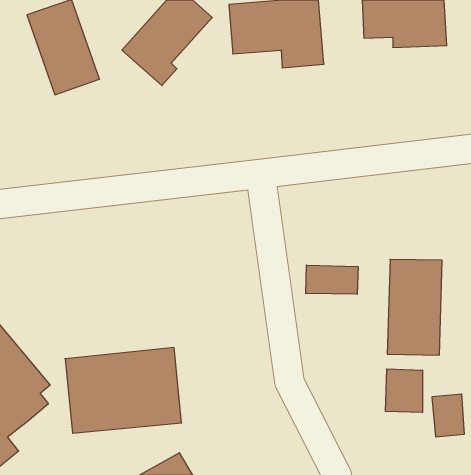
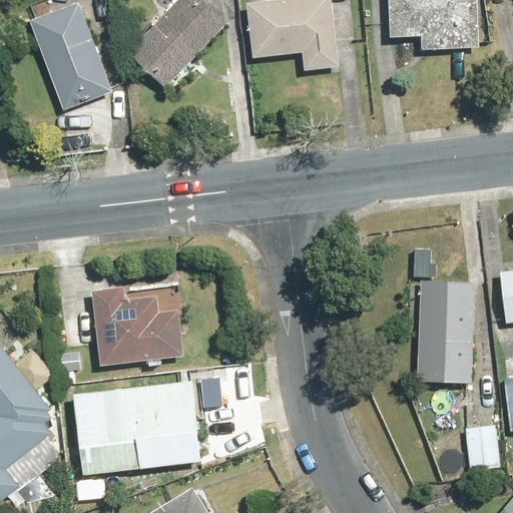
building: [306,265,358,294] -> none
building: none -> [92,289,180,367]
building: [385,369,422,413] -> none

